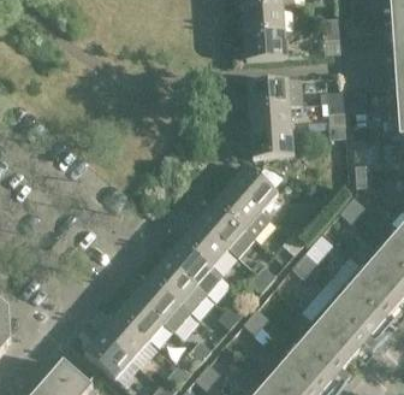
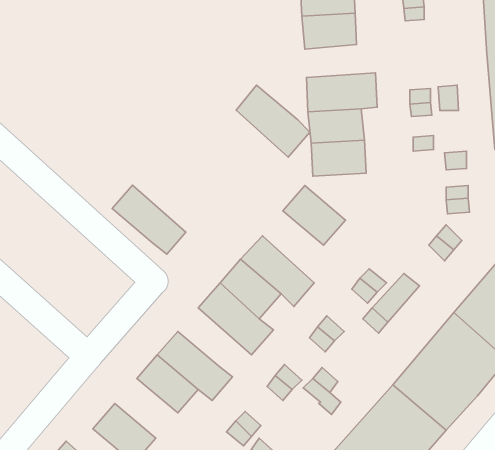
building: [214,182,271,237] -> [236,85,310,157]
building: [149,257,206,309] -> [112,185,186,254]
building: [101,311,149,356] -> none

